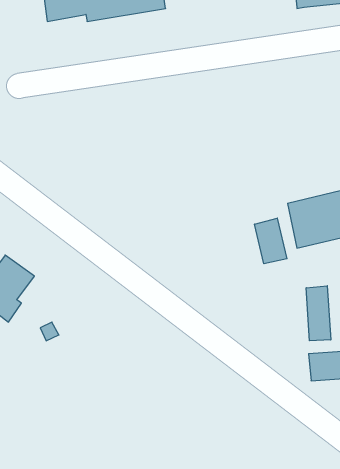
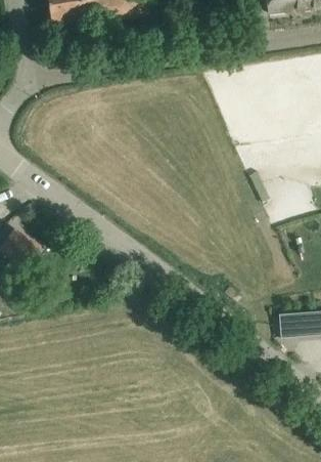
building: [255,218,287,264] -> none
building: [306,286,331,341] -> none

